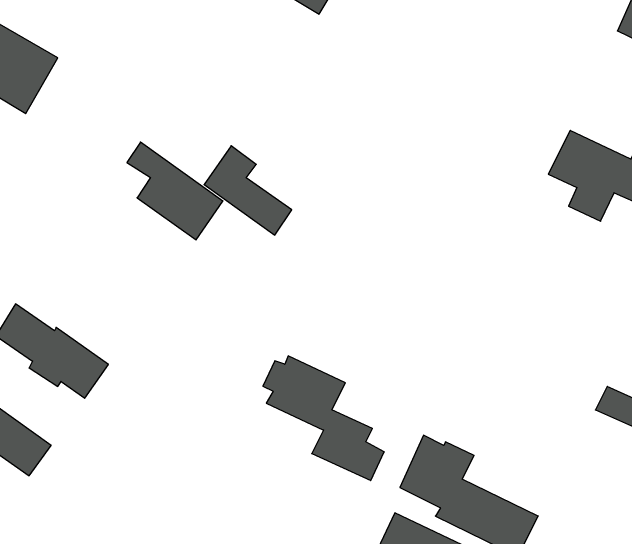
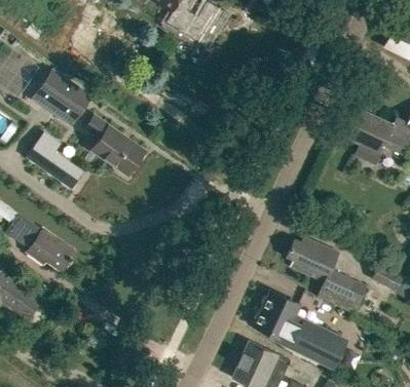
building: none -> [38,70,91,118]
building: [204,146,292,235] -> [29,132,82,187]
building: [263,356,384,481] -> [289,237,363,313]

